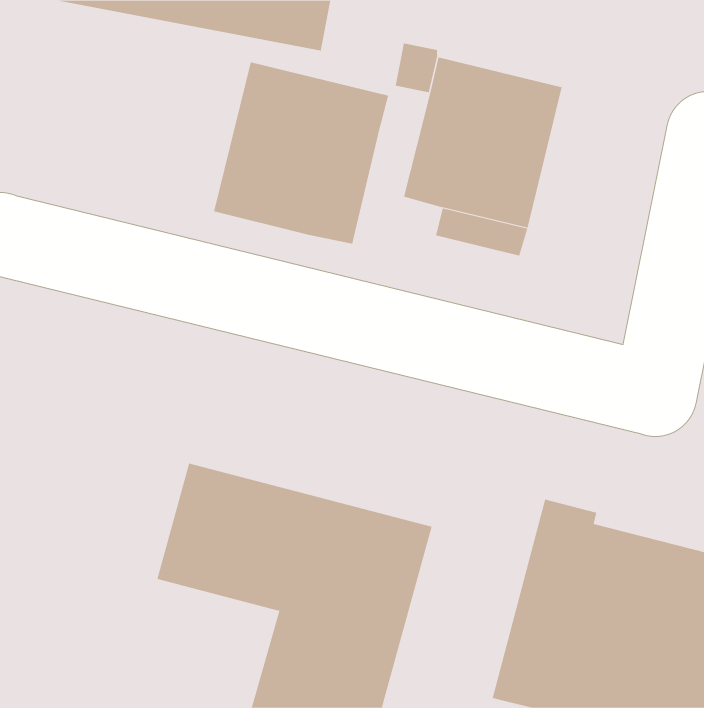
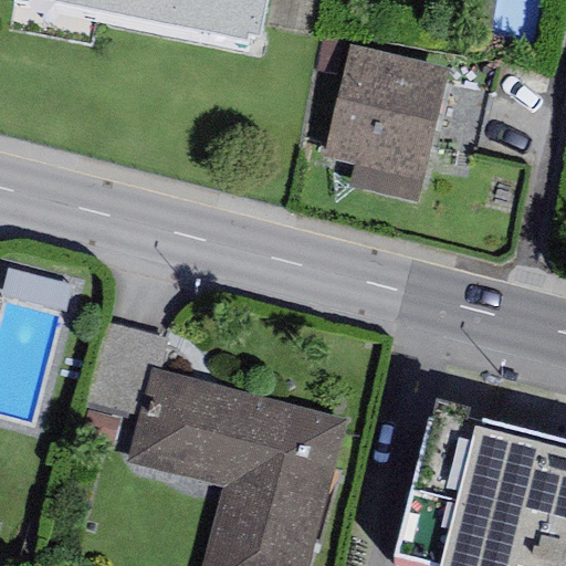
building: [214,61,389,245] -> none

